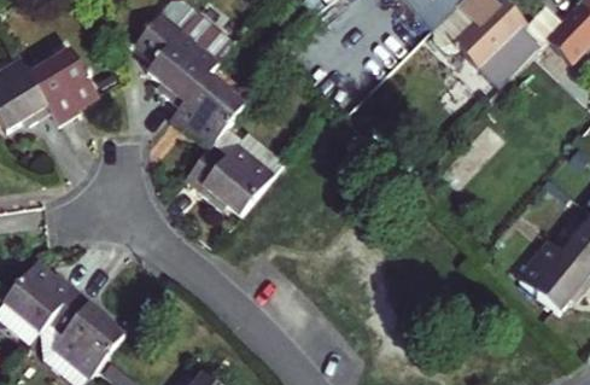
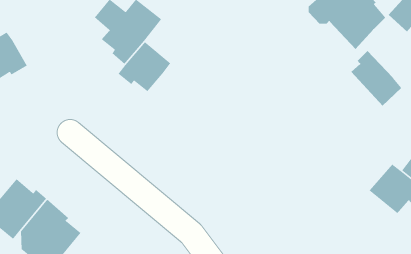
building: [29,49,95,122] -> none
building: none -> [351,50,402,107]
building: [186,118,286,214] -> none

